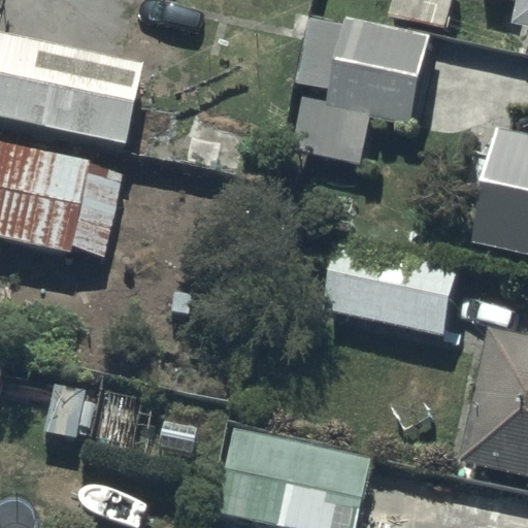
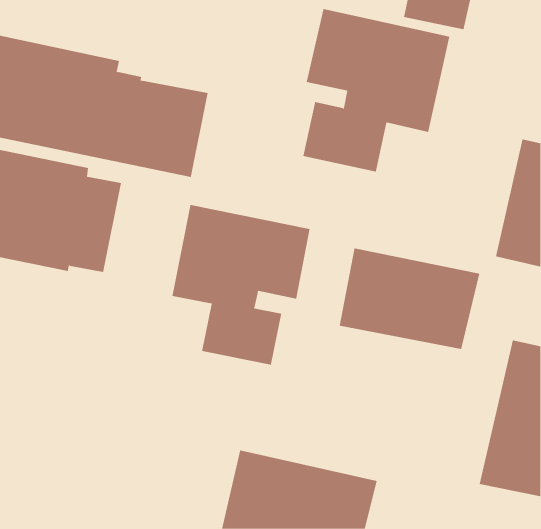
building: none -> [172,204,310,366]

